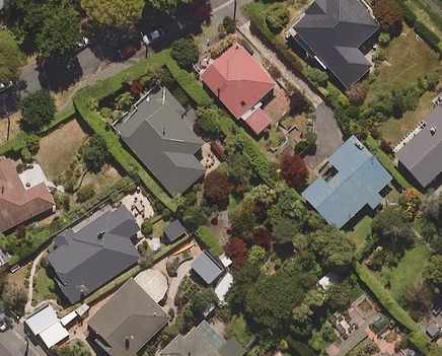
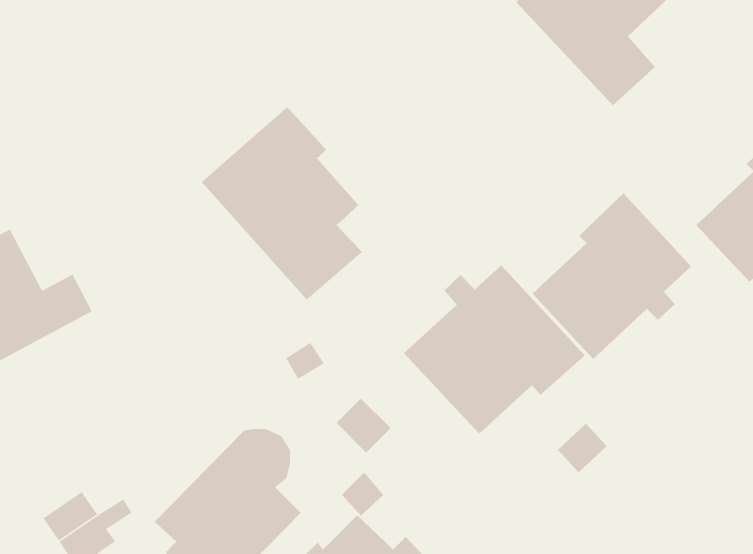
building: [200,43,276,137] -> none
building: none -> [403,265,585,435]
building: [43,201,140,303] -> none

